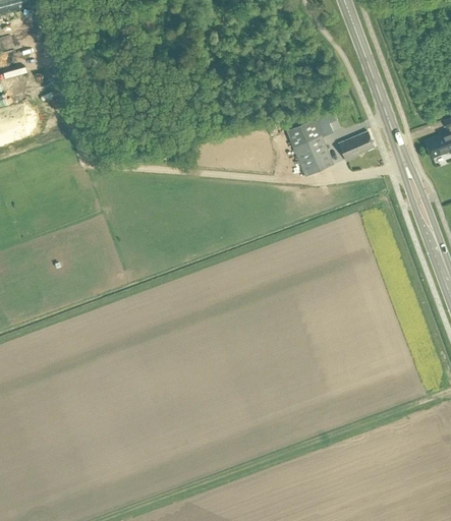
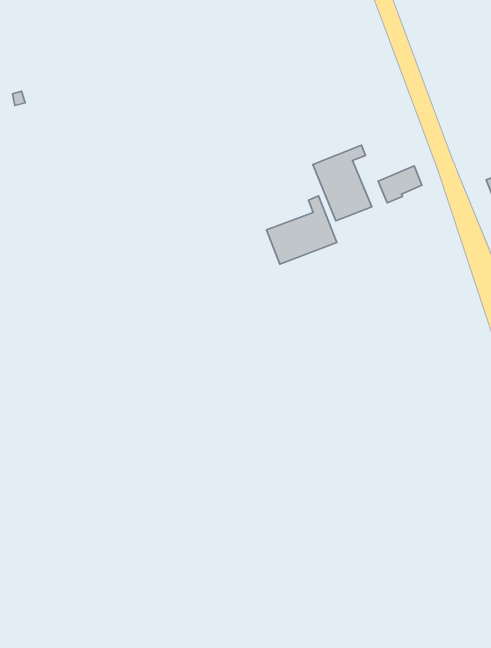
building: none -> [266,196,337,264]

